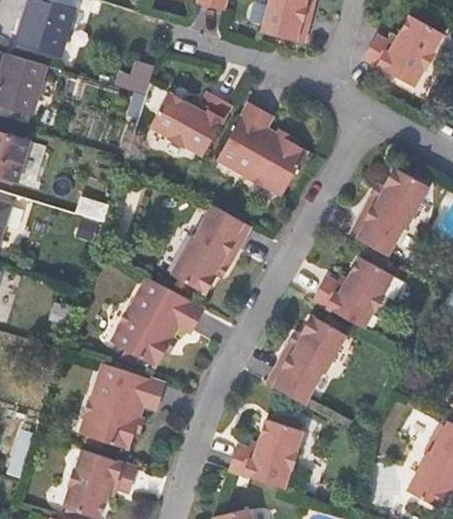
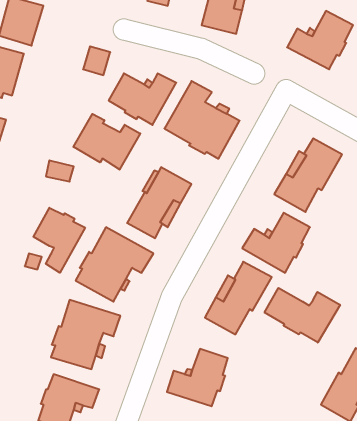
building: none -> [73,114,140,170]
building: none -> [33,208,85,273]
building: none -> [265,288,340,343]

